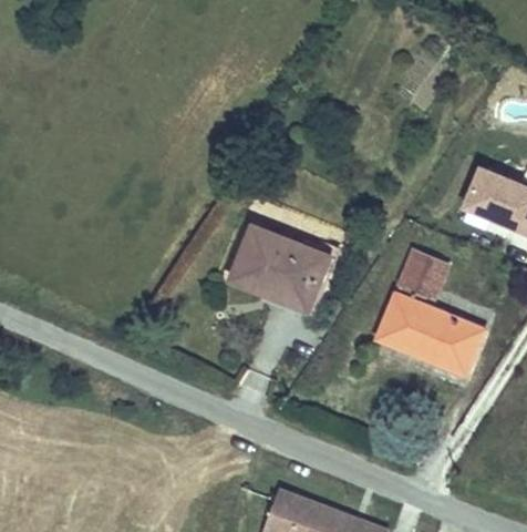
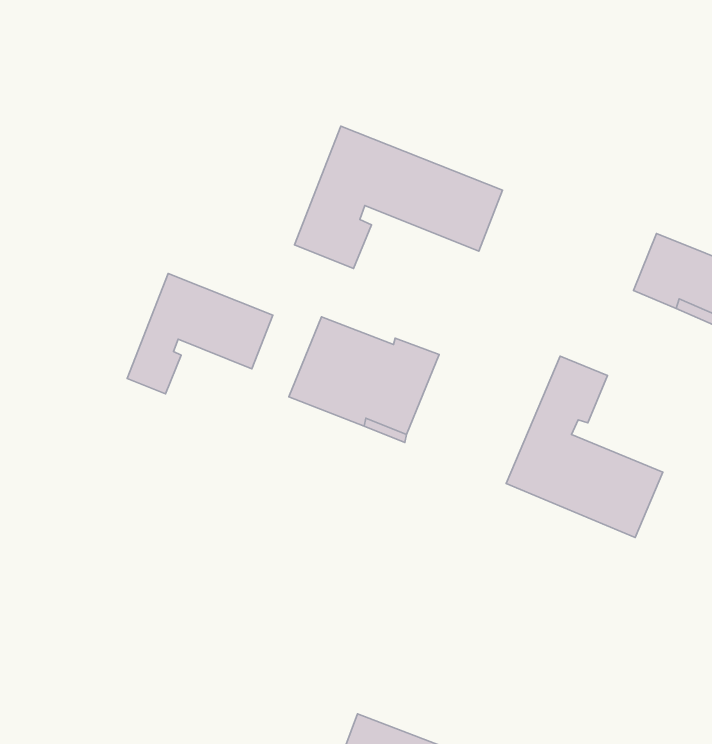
building: none -> [294,126,503,269]
building: none -> [127,274,273,394]

